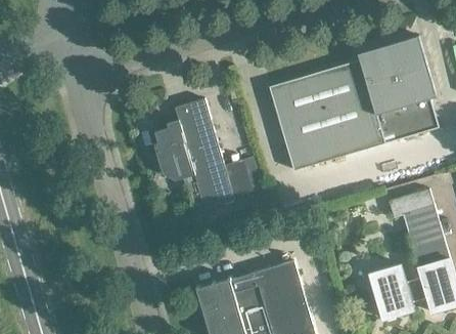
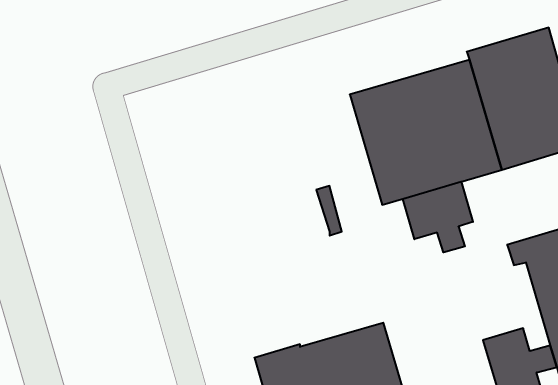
building: [153,98,233,211] -> none
building: none -> [403,182,473,252]

